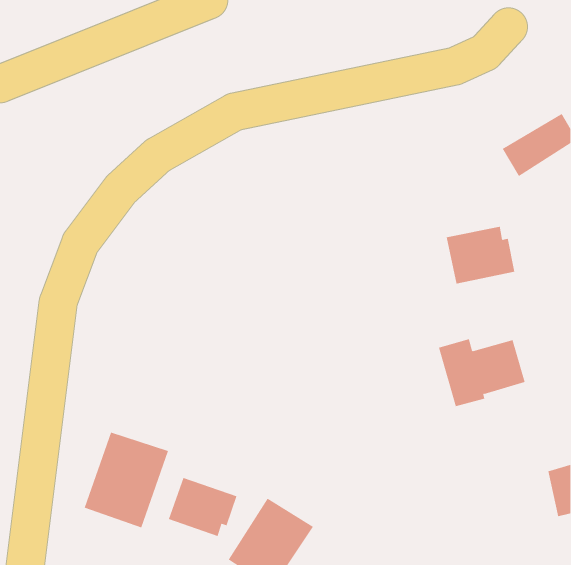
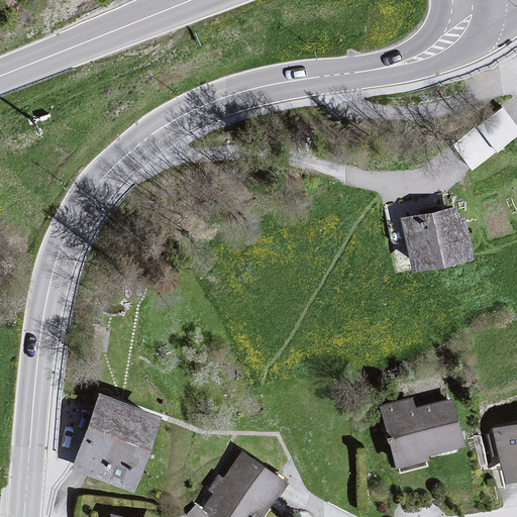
building: [438,339,525,407] -> [382,402,460,463]
building: [168,477,237,537] -> none

